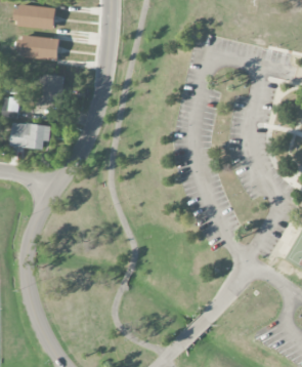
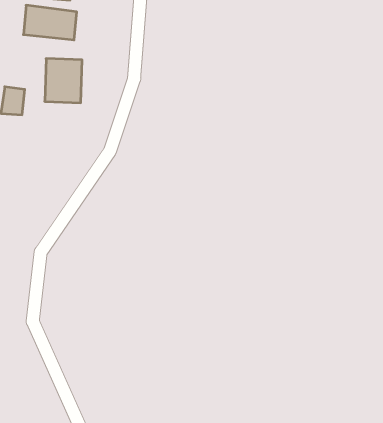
building: [10,123,52,149] -> none

